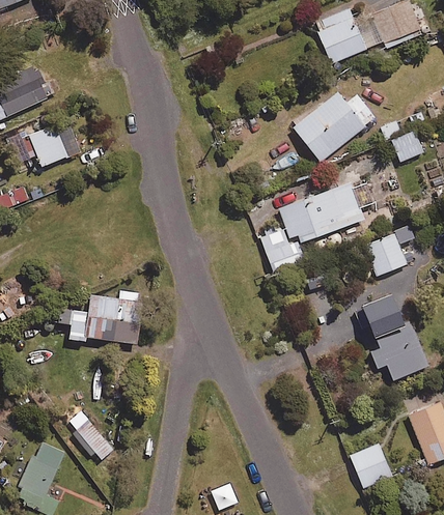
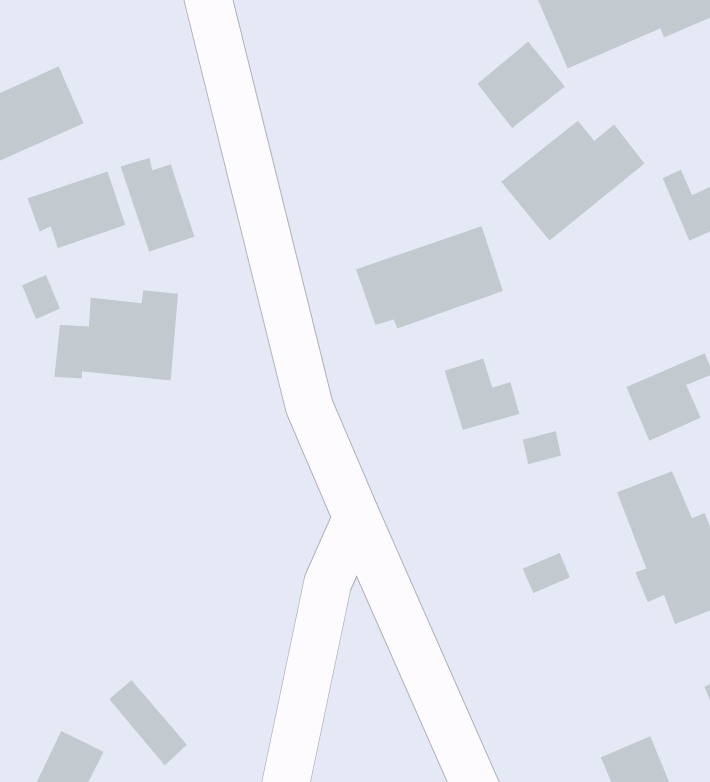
building: none -> [476,41,566,129]
building: none -> [120,157,195,253]
building: [278,181,363,240] -> [355,226,504,329]
building: [68,290,140,342] -> [54,290,179,381]

